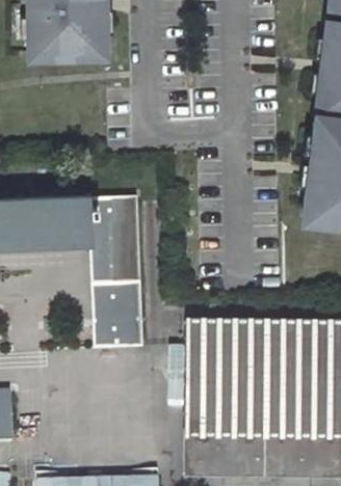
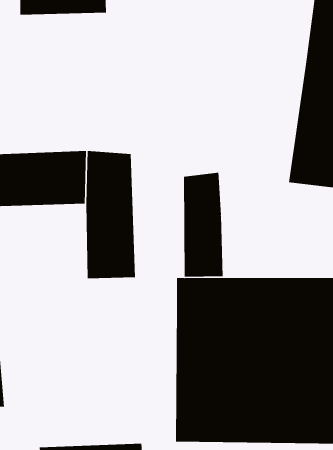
building: none -> [183,172,223,278]
building: [95,318,143,348] -> none

